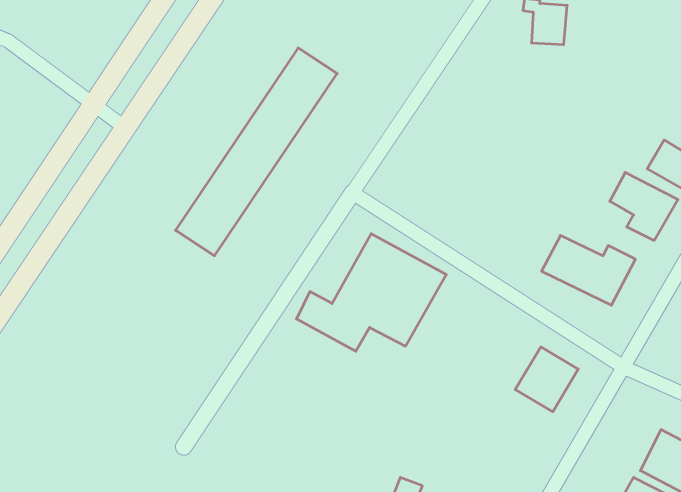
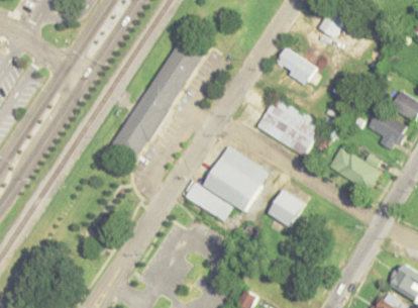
building: none -> [274,46,316,84]
building: none -> [255,95,323,157]
building: [515,347,578,412] -> [267,188,304,226]

